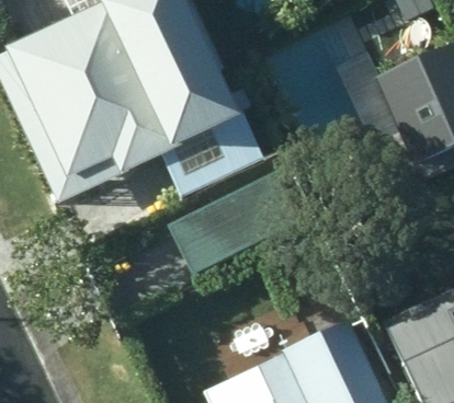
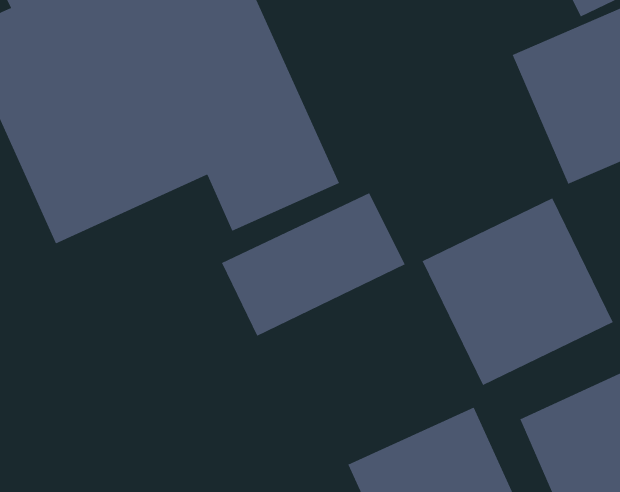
building: none -> [422,197,613,386]

